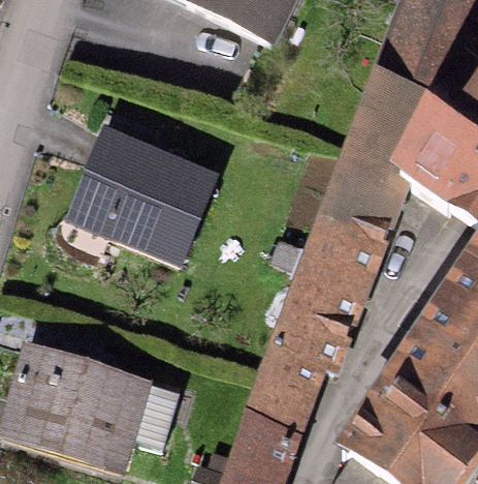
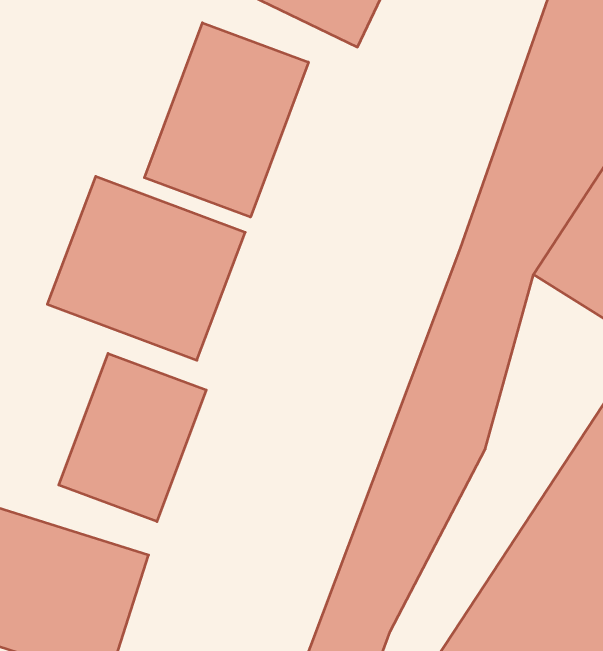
building: none -> [144,23,308,217]
building: none -> [59,353,206,522]

